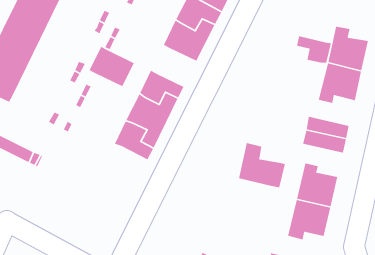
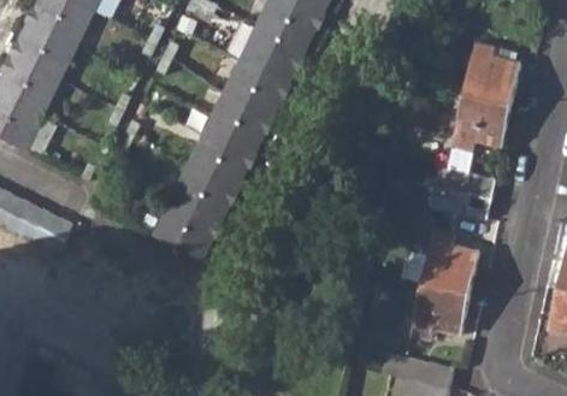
building: [296,35,332,64] -> none
building: [89,46,135,87] -> [218,70,282,126]
building: [238,142,286,188] -> none
building: none -> [150,206,214,262]

